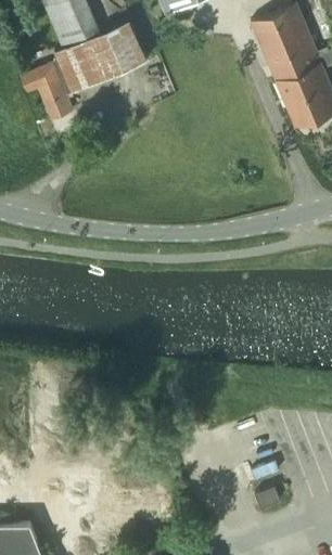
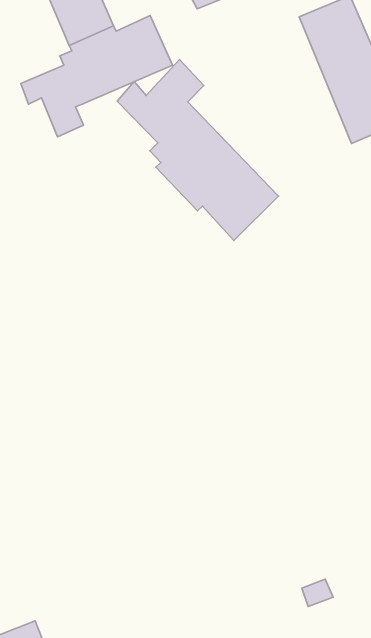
building: none -> [117,59,279,240]

